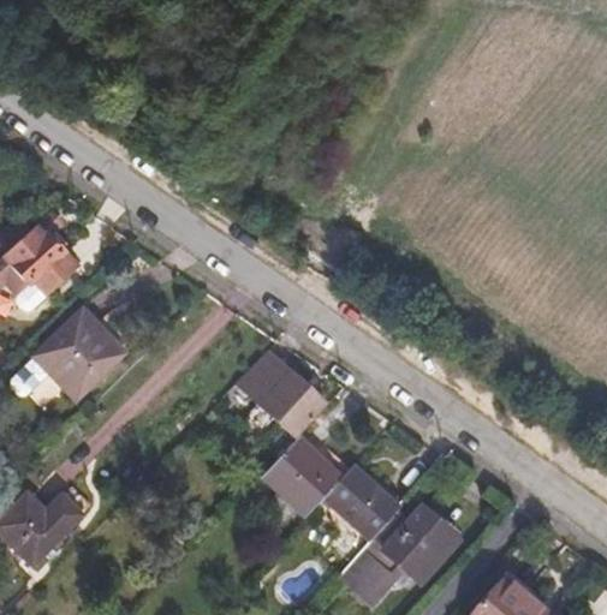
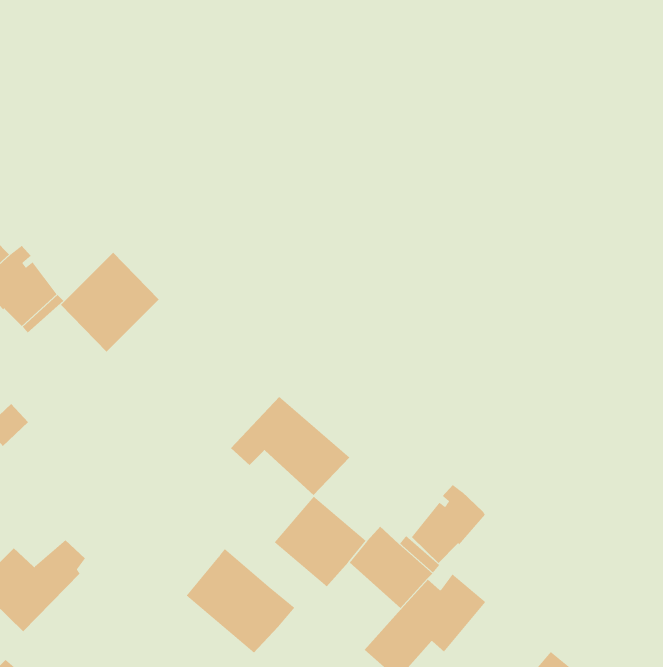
building: [34,309,121,398] -> [60,252,160,353]
building: none -> [411,484,485,564]
building: none -> [186,548,295,654]

